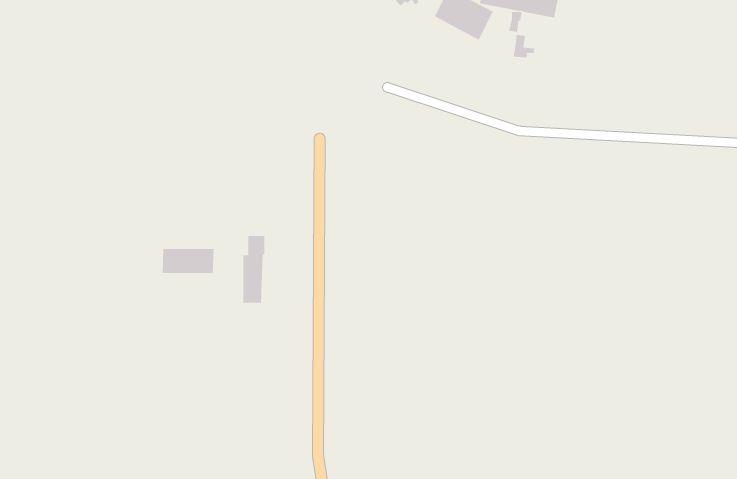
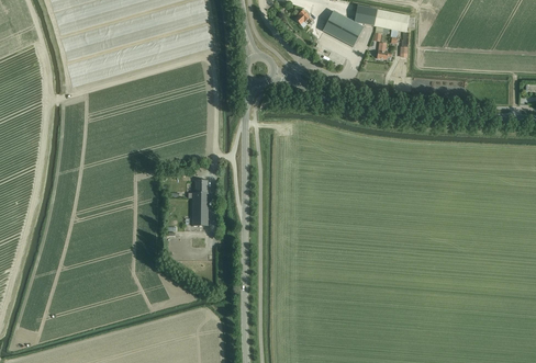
building: [162,248,214,274] -> none

